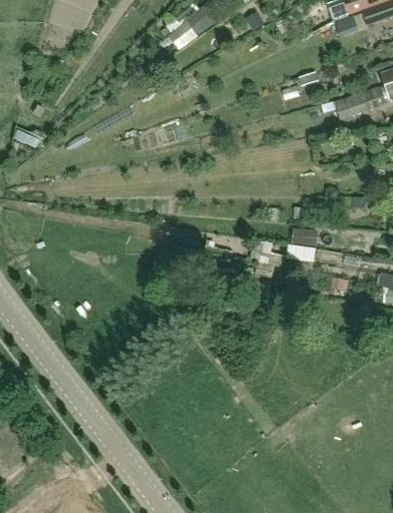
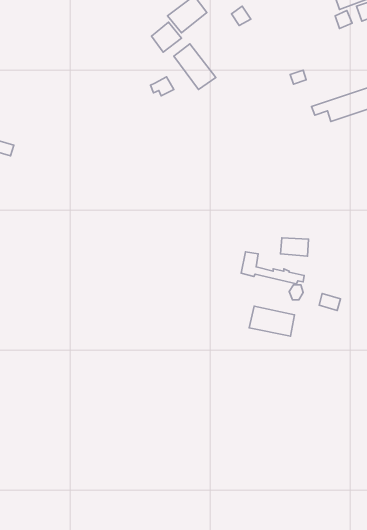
building: none -> [174,44,216,90]
building: none -> [249,306,295,336]

